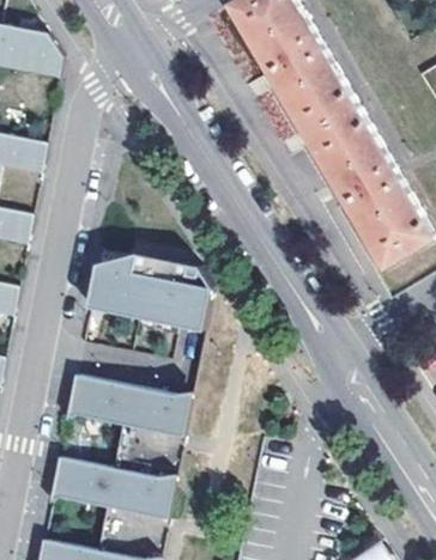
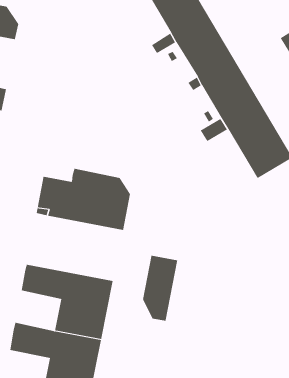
building: none -> [143,255,178,321]

